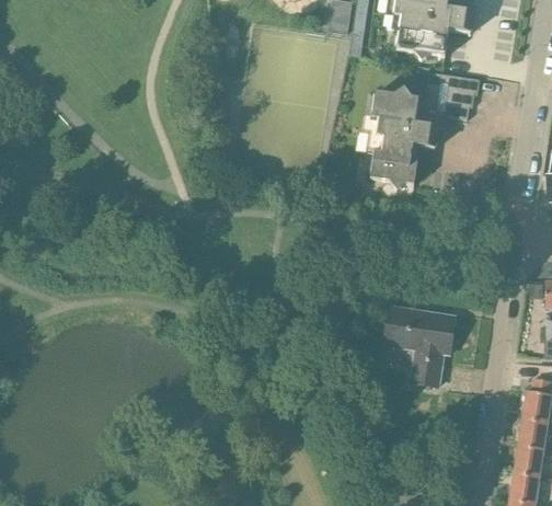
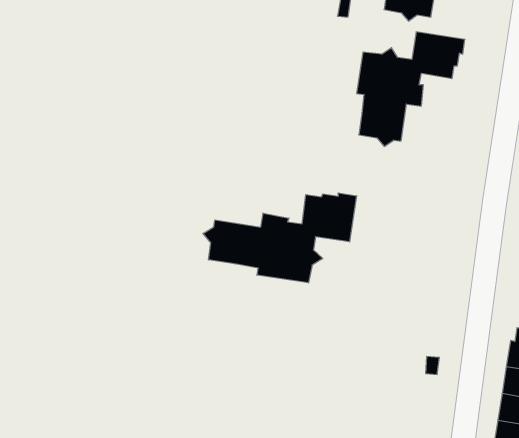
building: none -> [203,193,357,283]
building: [383,306,455,386] -> none

